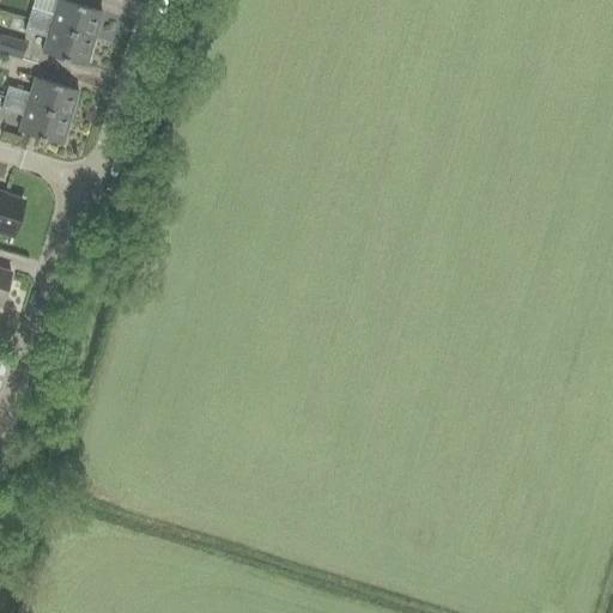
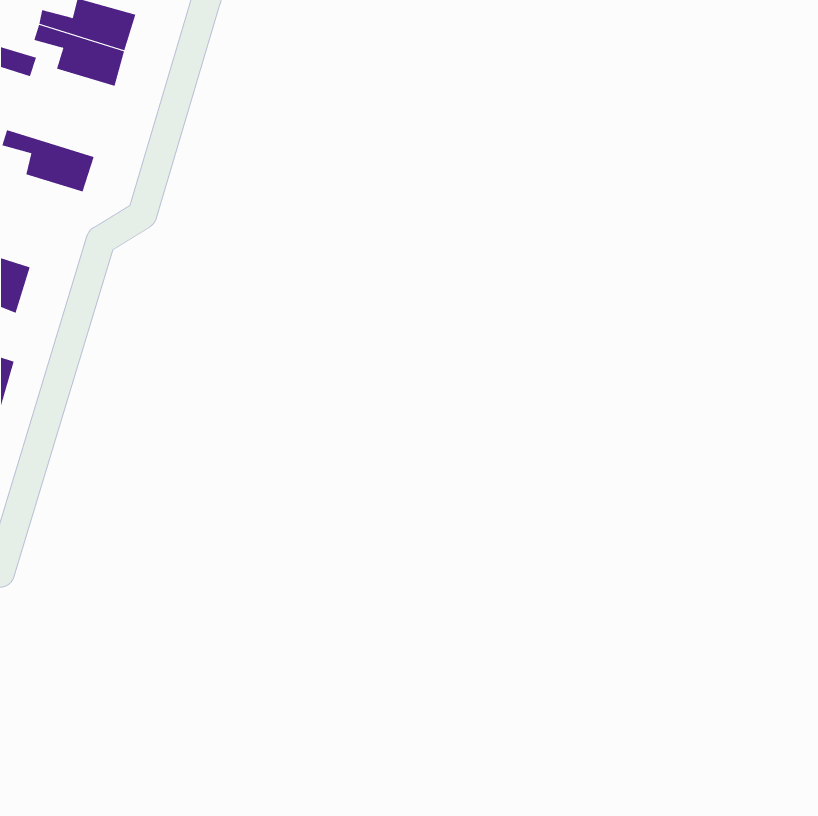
building: [5,77,78,117] -> none

